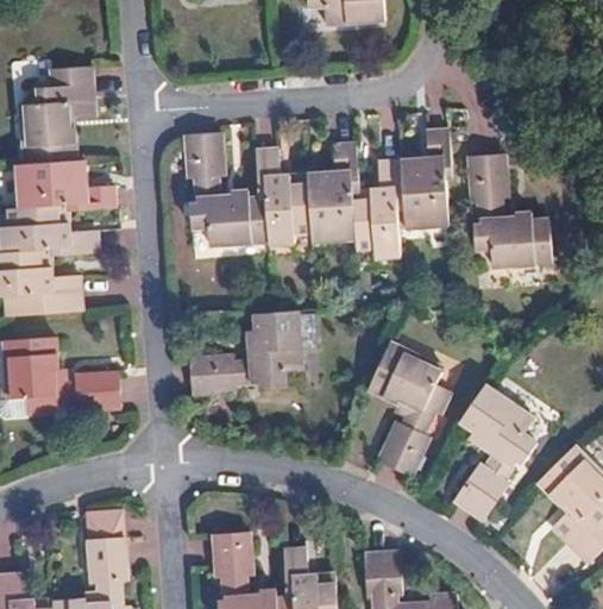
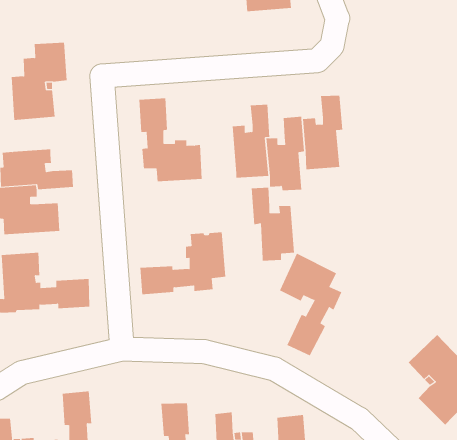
building: [255,150,312,246] -> [251,187,295,261]
building: [466,156,549,270] -> none
building: [19,162,115,211] -> none
building: [452,384,538,522] -> none

